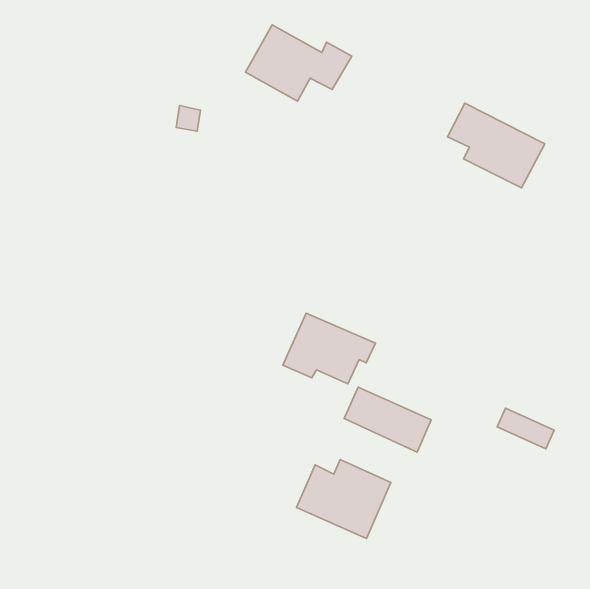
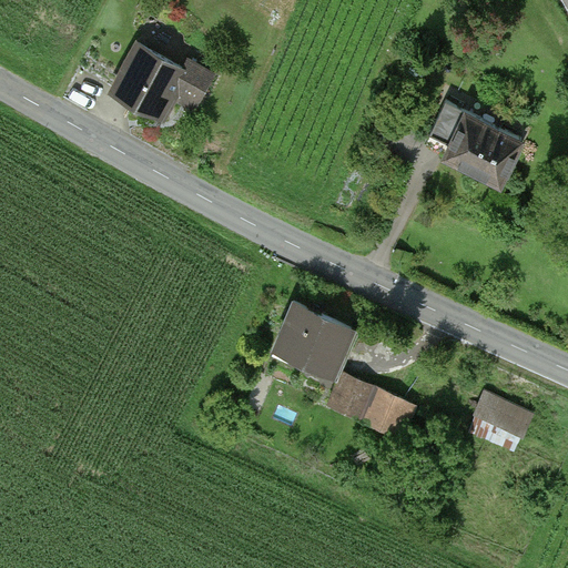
building: [245,25,352,101] -> [112,44,214,118]
building: [296,460,391,539] -> none

